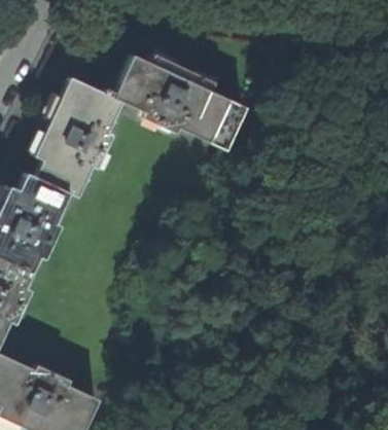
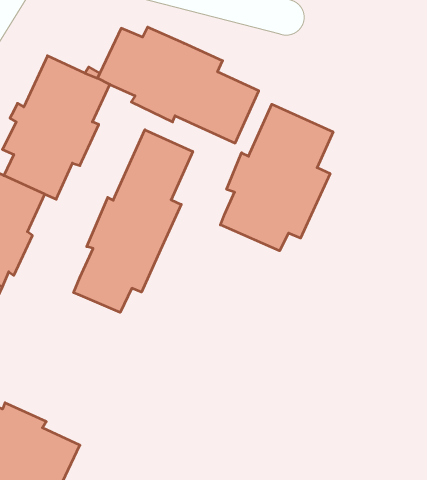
building: none -> [220,104,333,251]
building: none -> [74,130,193,312]

